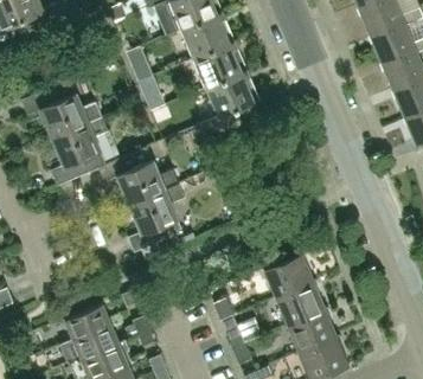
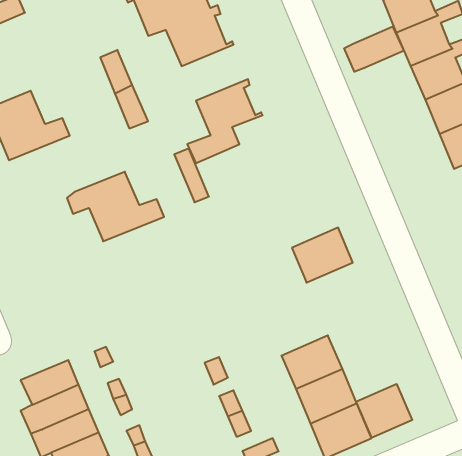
building: none -> [344,26,404,72]
building: [193,41,248,88] -> none
building: [51,116,108,185] -> none
building: [127,182,185,251] -> none
building: [263,251,313,296] -> [292,228,353,283]
building: none -> [356,384,412,438]

